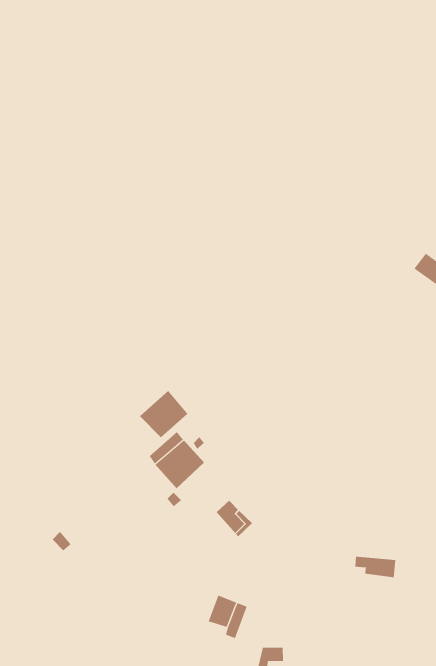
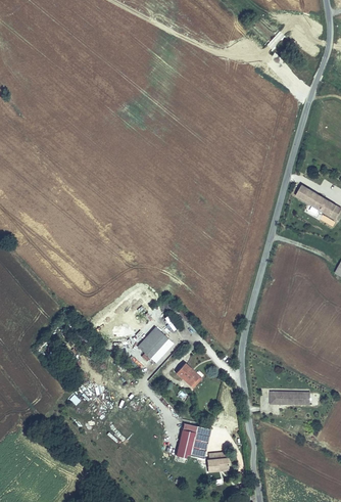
building: [139,390,188,438] -> none

